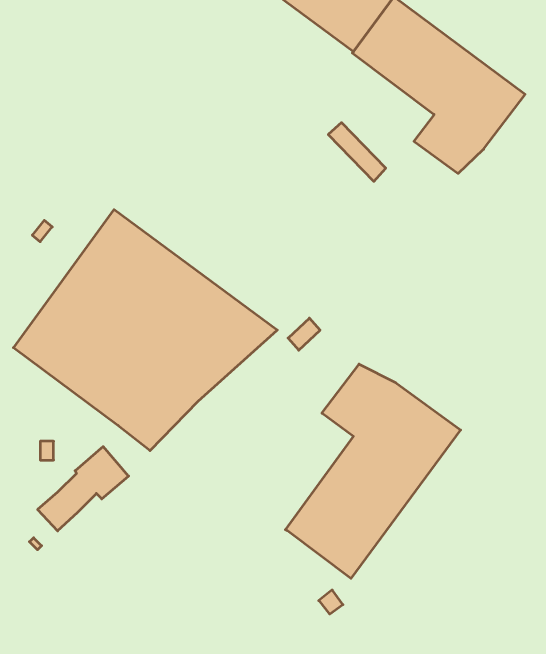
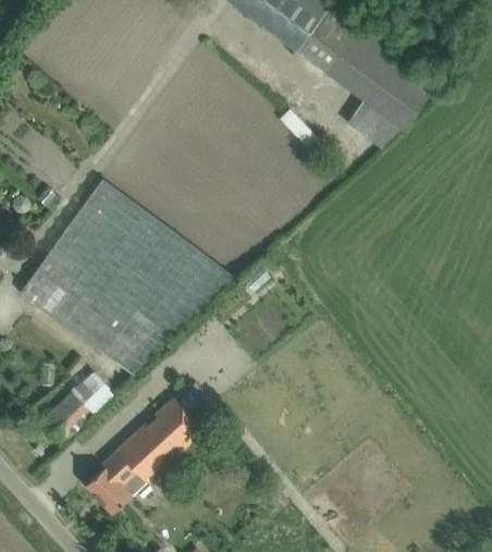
building: [285,364,461,578] -> none
building: none -> [85,382,218,513]

